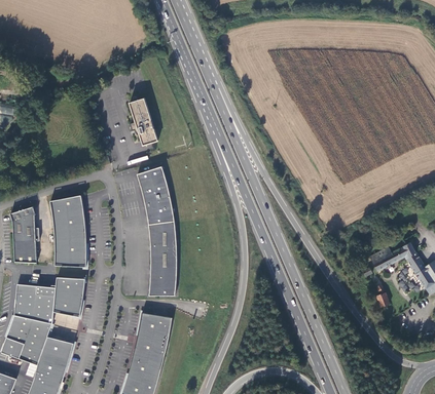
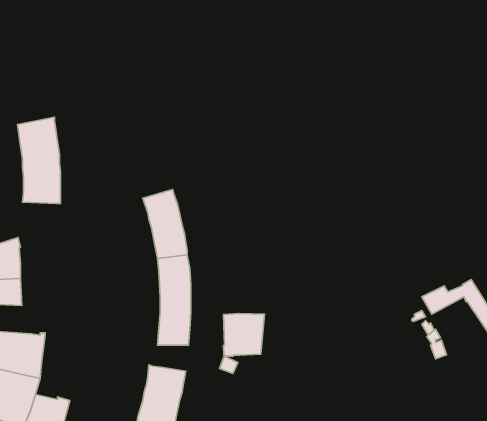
building: [129,96,157,145] -> none
building: [49,195,85,267] -> [17,117,61,203]
building: none -> [223,314,265,356]
building: [51,277,84,319] -> none

